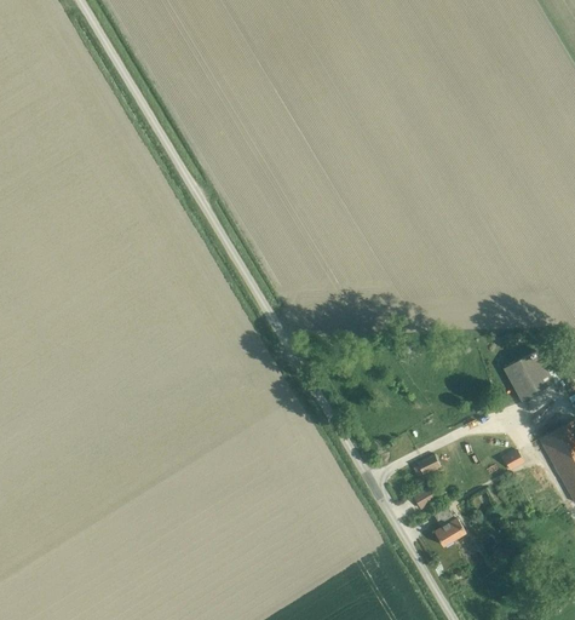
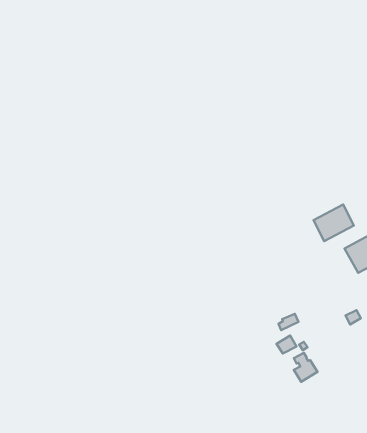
building: none -> [314,204,354,241]

